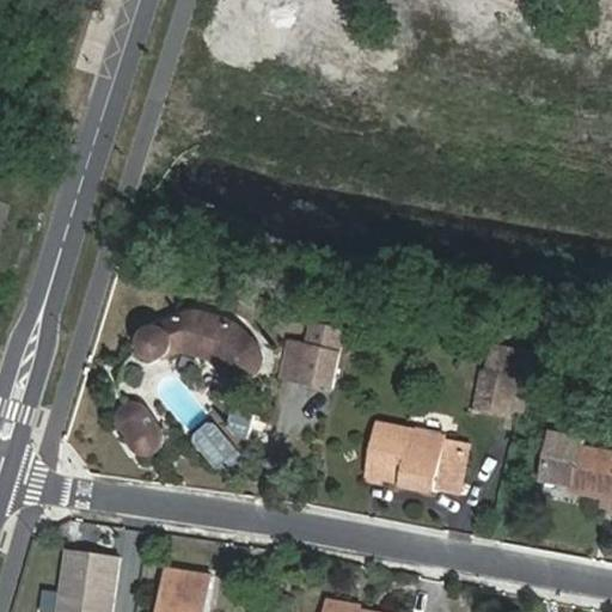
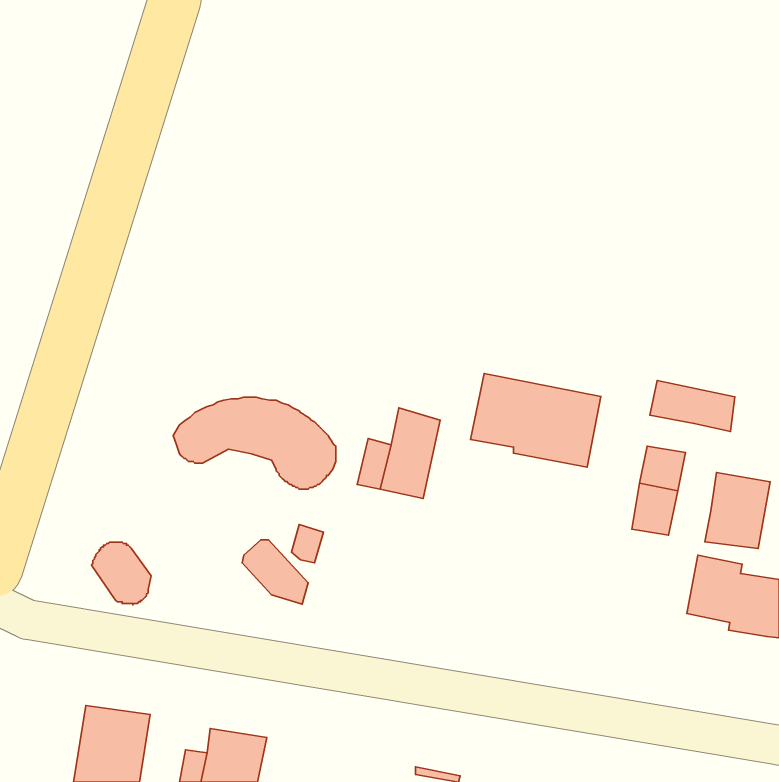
building: none -> [650,381,735,431]
building: none -> [705,472,770,548]
building: [112,403,159,452] -> [91,542,151,605]
building: [365,424,466,497] -> [470,373,601,467]

